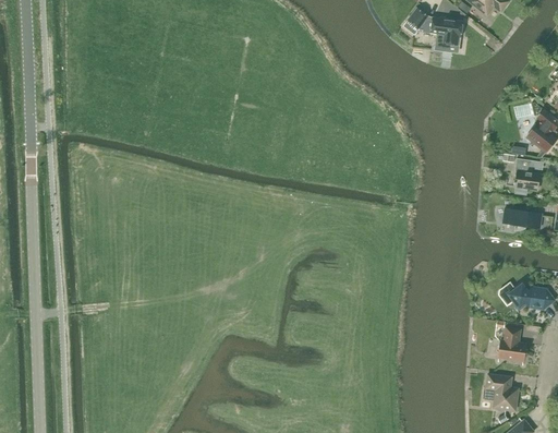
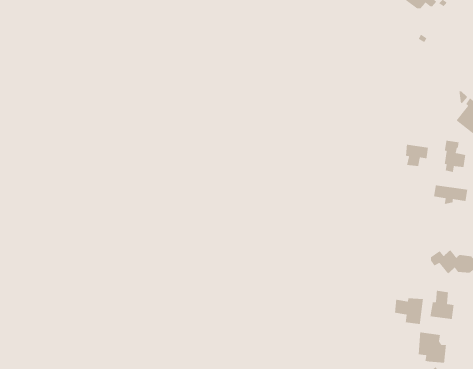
building: [408,9,463,45] -> none
building: none -> [405,144,429,167]
building: none -> [394,298,424,325]

